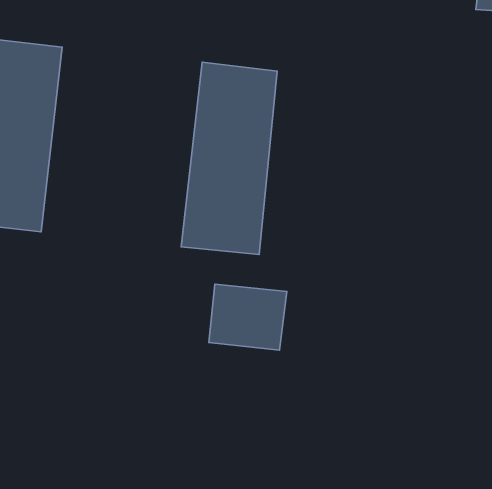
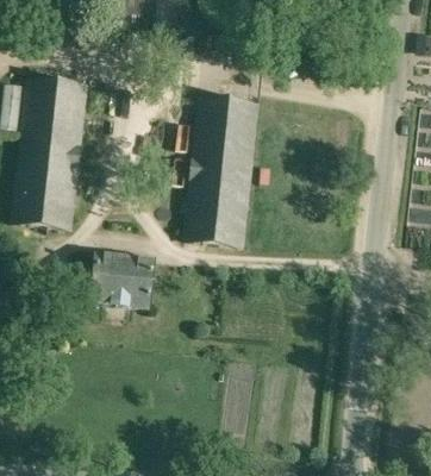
building: [209,284,287,350] -> [90,252,152,305]

